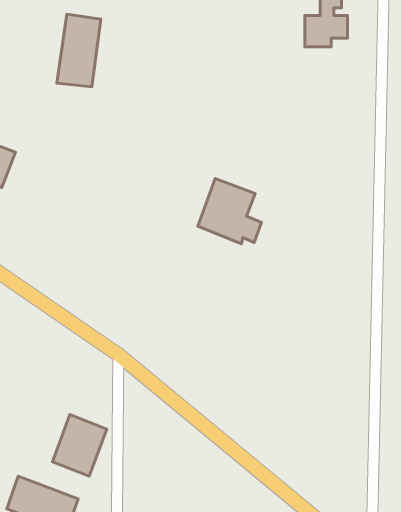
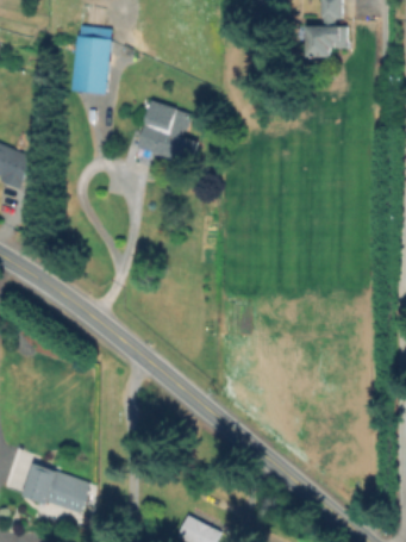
building: [198,178,262,244] -> [136,100,196,162]
building: [52,415,107,476] -> none

